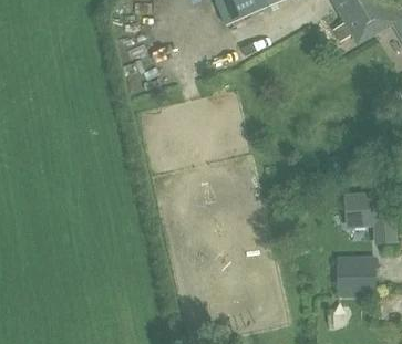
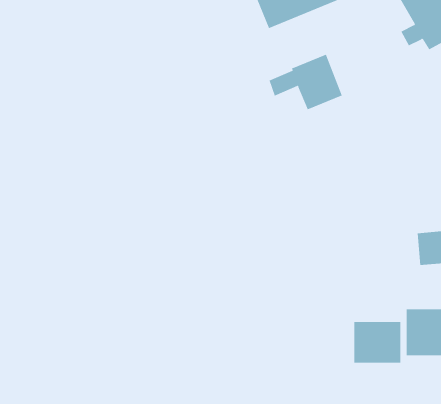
building: none -> [269,54,342,110]
building: none -> [354,321,401,363]

